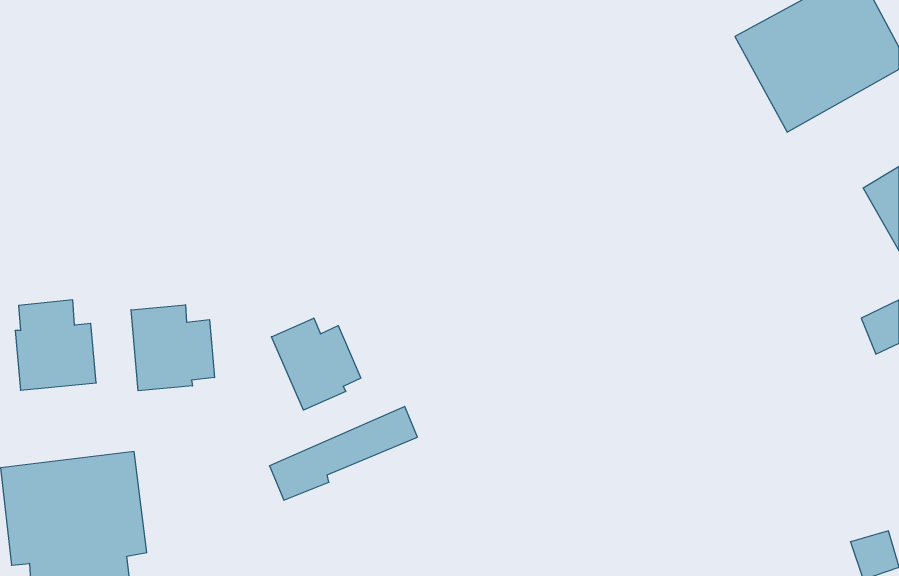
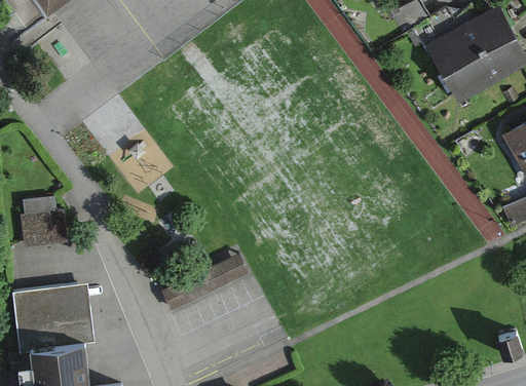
building: [131,305,214,391] -> none
building: [271,318,361,410] -> none

